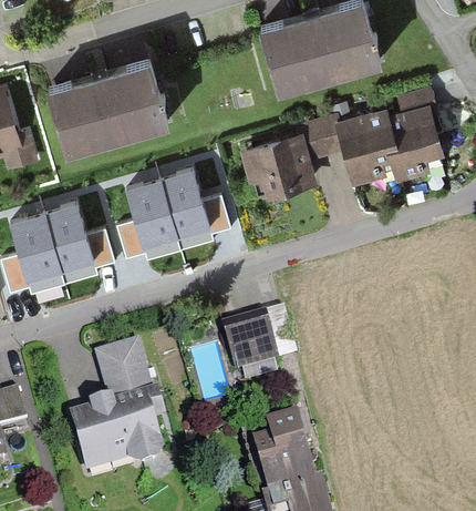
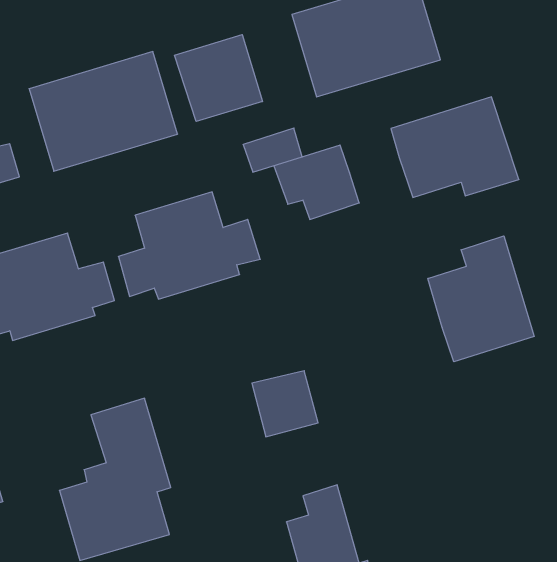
building: none -> [175,35,262,121]
building: [297,122,344,157] -> [243,128,302,172]
building: none -> [428,236,534,362]

